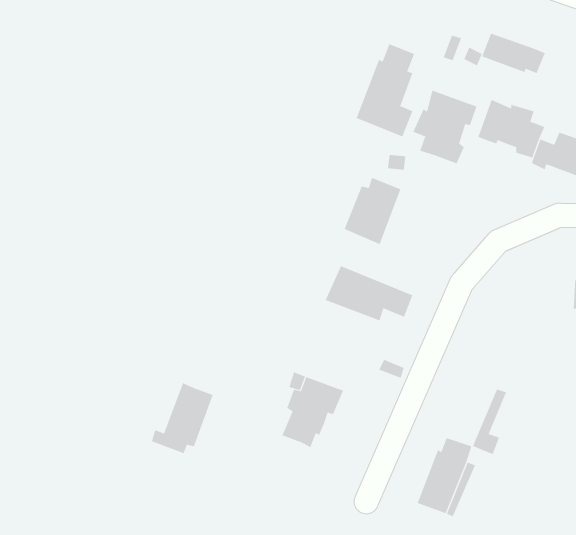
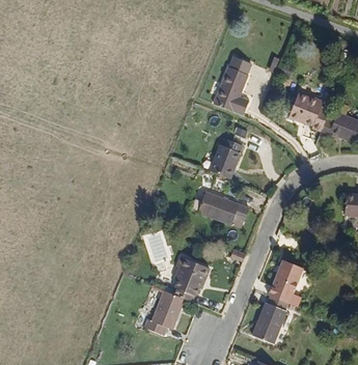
building: [481,33,546,74] -> none
building: [413,90,477,164] -> none
building: none -> [267,258,300,300]
building: [151,383,214,454] -> [145,290,183,333]

